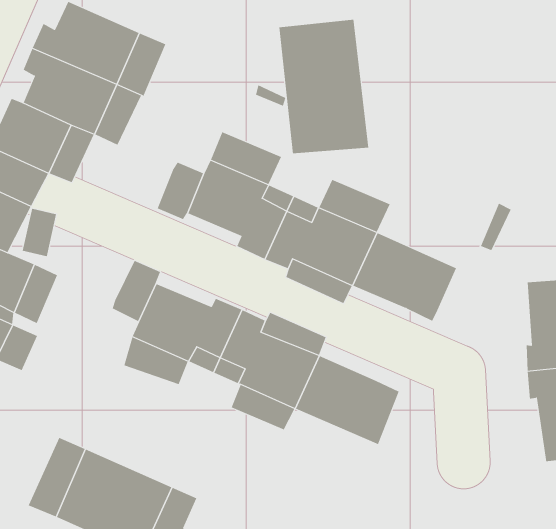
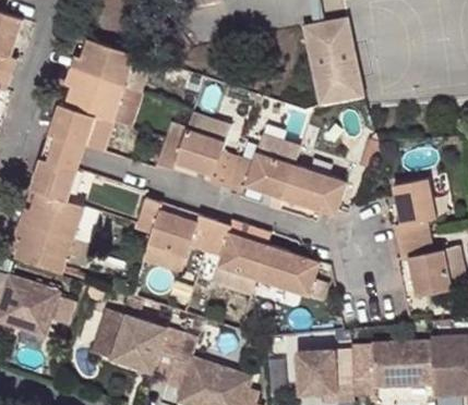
building: [279,19,369,154] -> [301,17,365,106]

